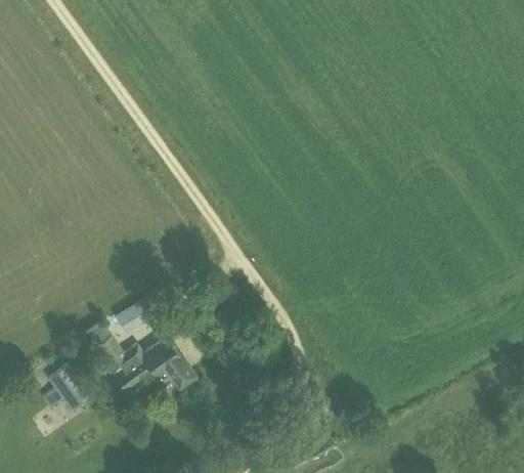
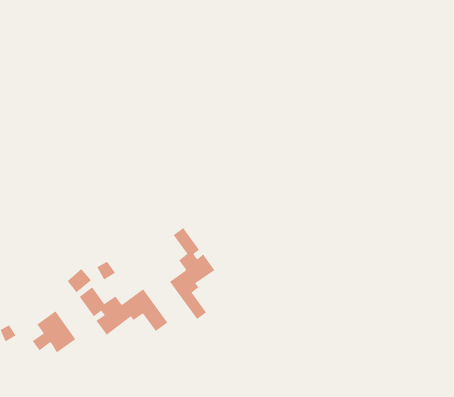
building: none -> [169,227,215,320]

